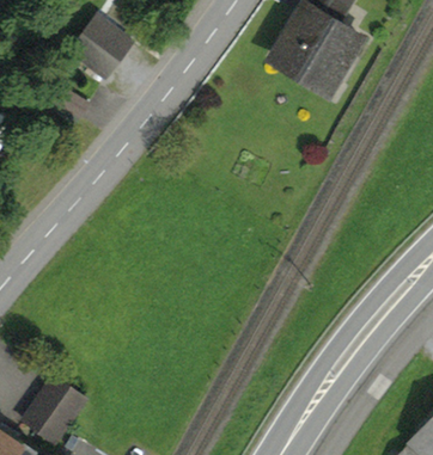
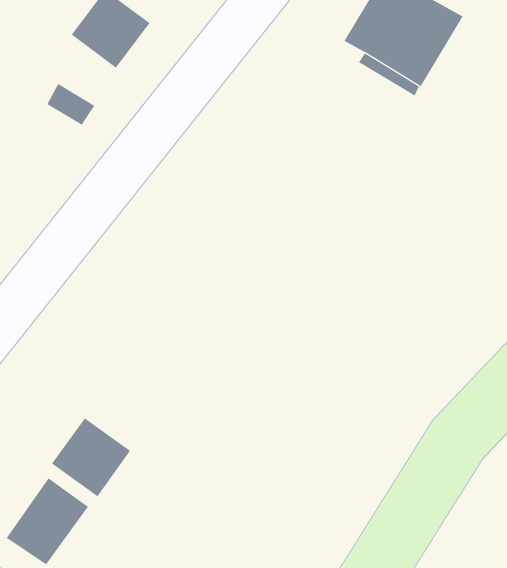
building: none -> [51,417,131,497]

